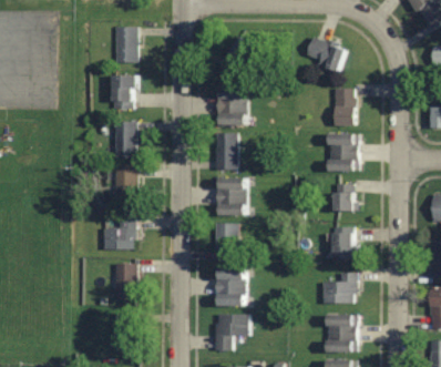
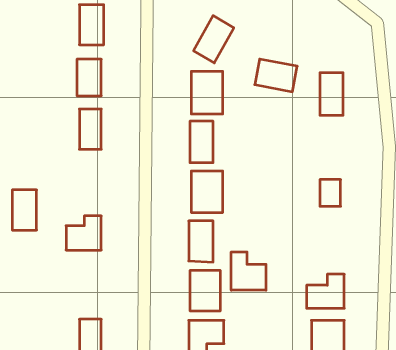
building: [305,38,343,68] -> [255,59,297,92]
building: [328,133,356,171] -> none
building: [113,169,135,205] -> [12,190,37,230]
building: [331,231,356,258] -> none
building: none -> [231,252,266,290]
building: [114,263,134,300] -> none

